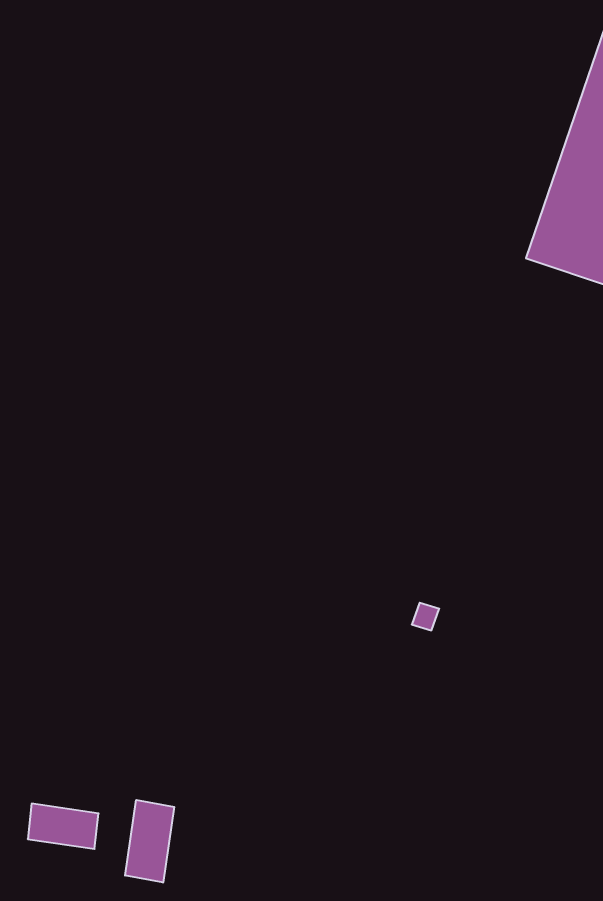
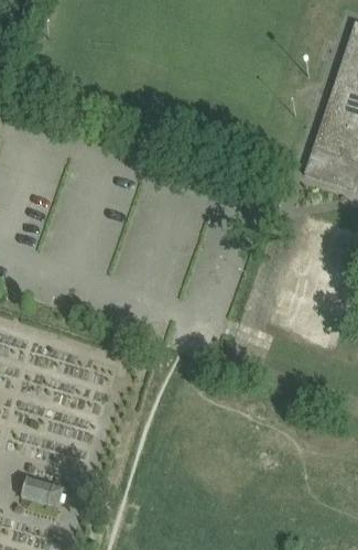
building: [125,800,174,883] -> none

